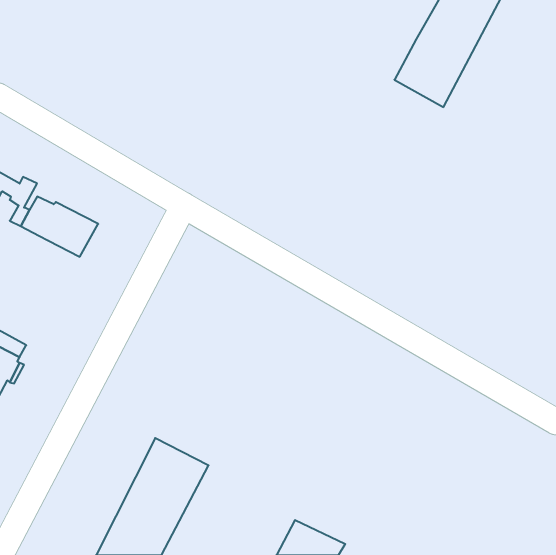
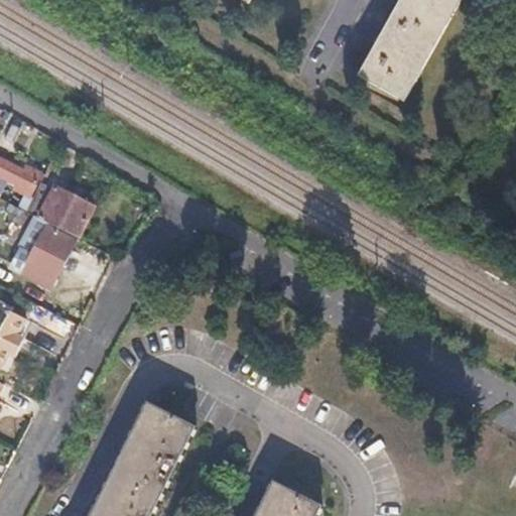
building: none -> [7,218,73,292]

